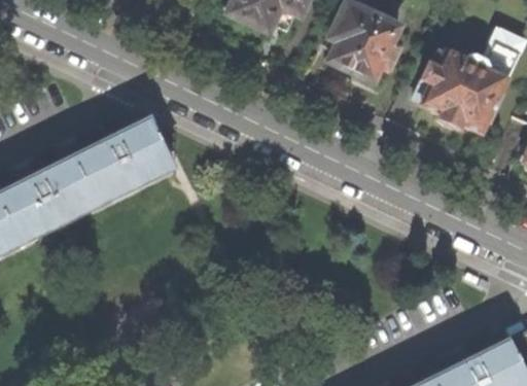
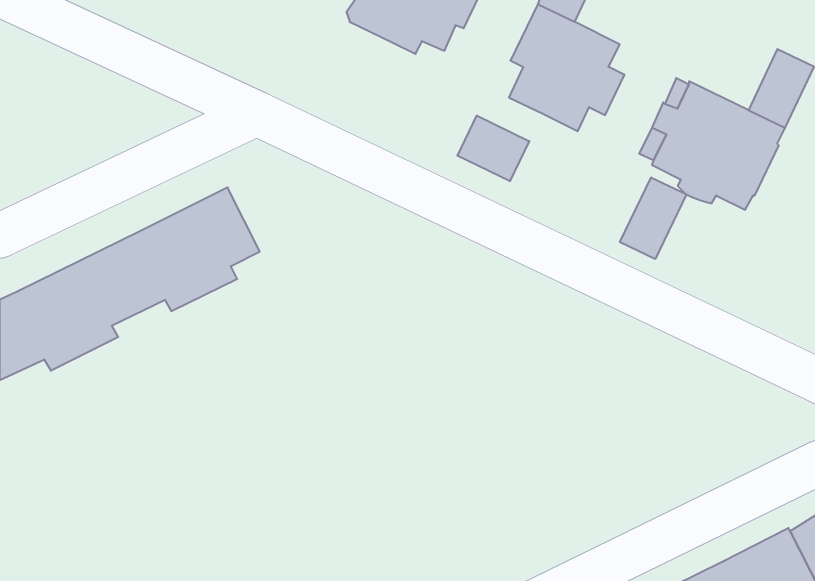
building: none -> [457,116,529,181]
building: none -> [620,177,686,259]

